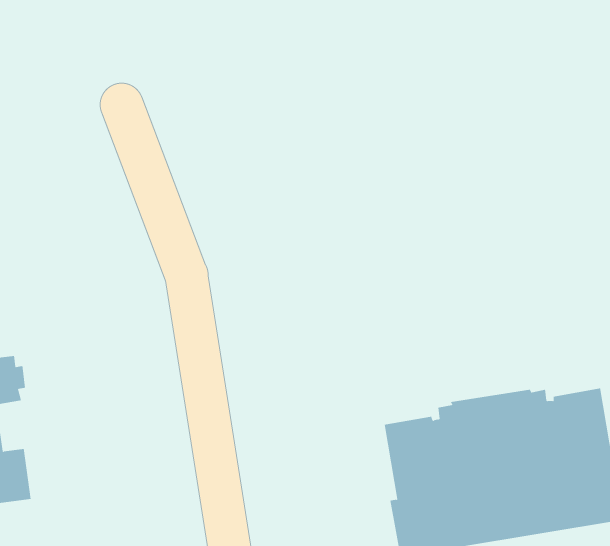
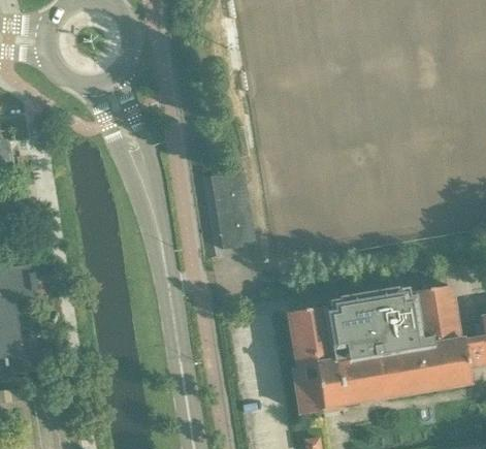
building: none -> [207,169,252,249]

